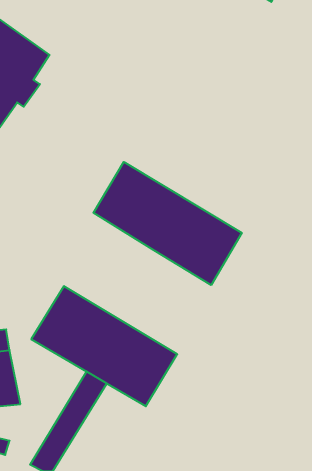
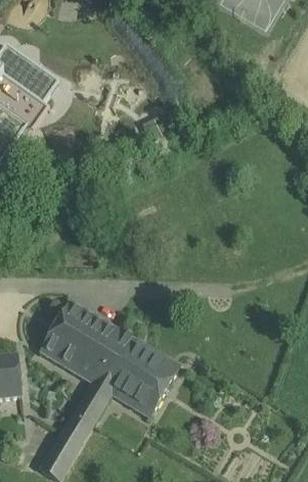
building: [93,162,242,285] -> none

